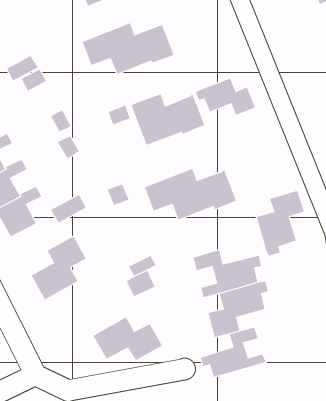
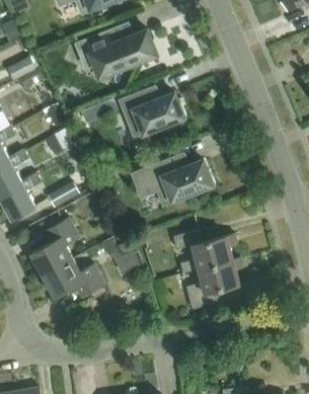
building: [195,78,255,115] -> none
building: [256,190,305,256] -> none
building: [93,317,163,361] -> [42,259,104,299]
building: [200,327,266,377] -> none

